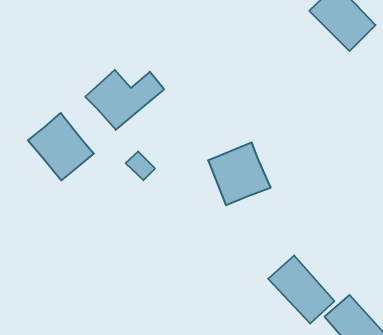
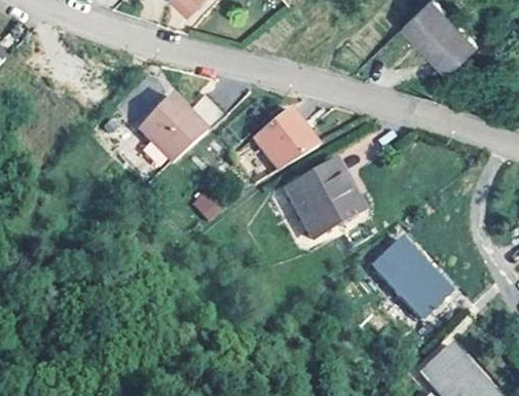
building: none -> [257,105,320,172]
building: [28,113,94,180] -> none
building: [268,255,334,324] -> [370,238,446,316]

